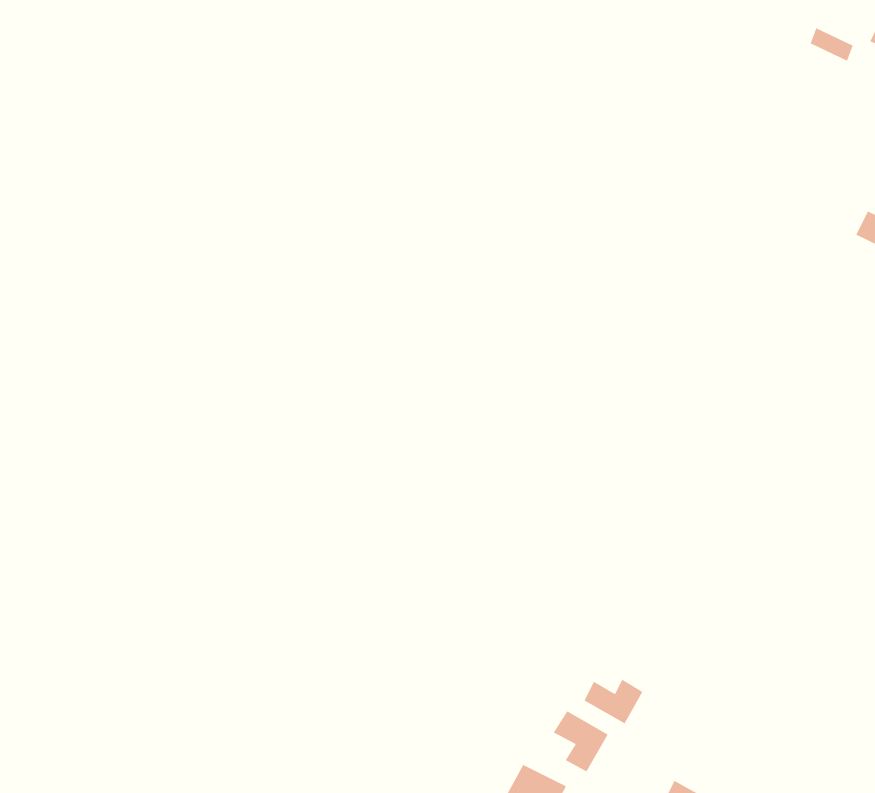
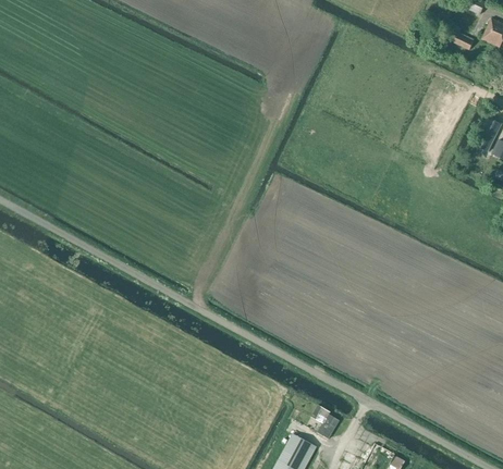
building: [584,679,643,724] -> none

